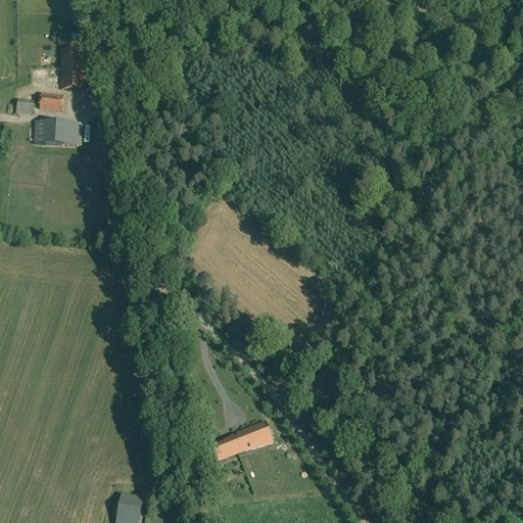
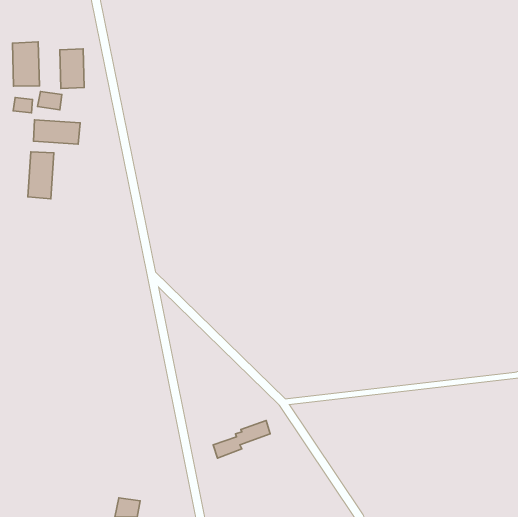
building: none -> [12,42,39,86]
building: none -> [28,152,54,199]

